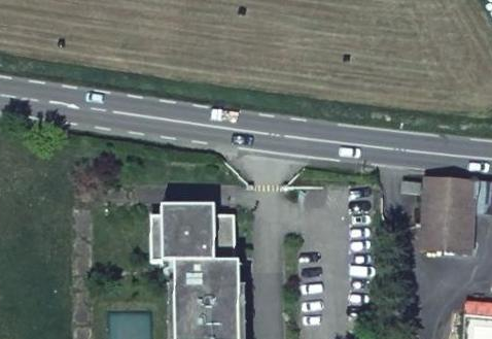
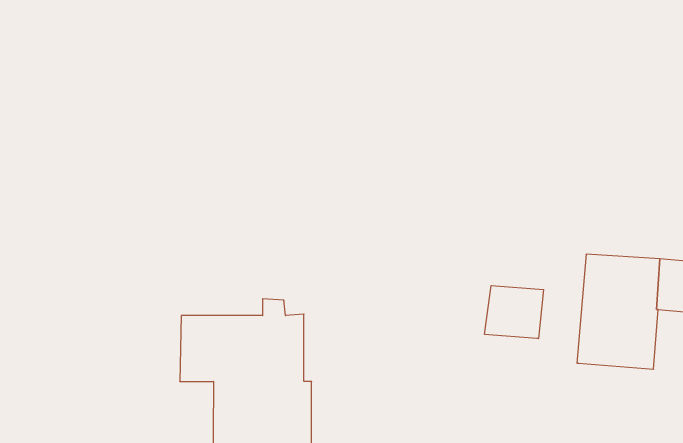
building: none -> [485,286,544,339]

